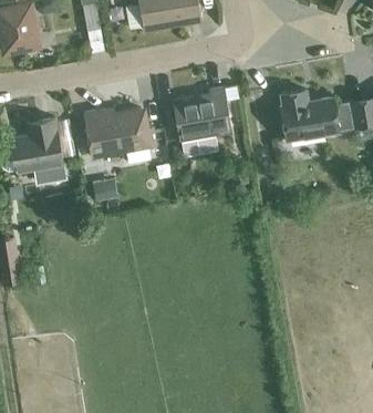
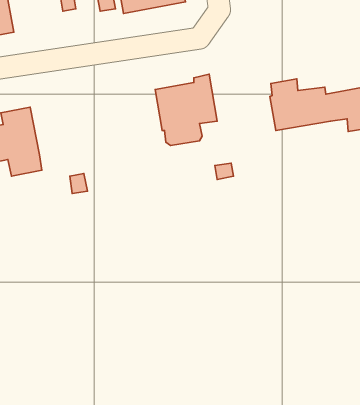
building: [83,109,156,163] -> none

